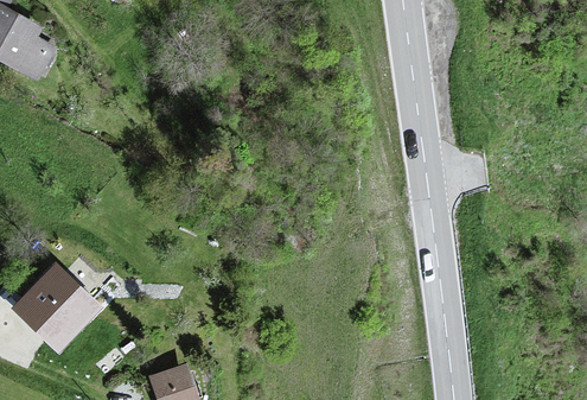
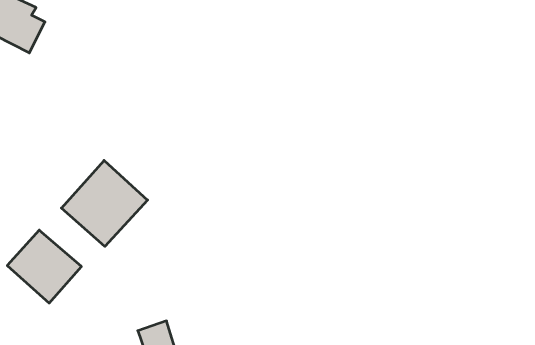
building: none -> [61,160,148,246]

